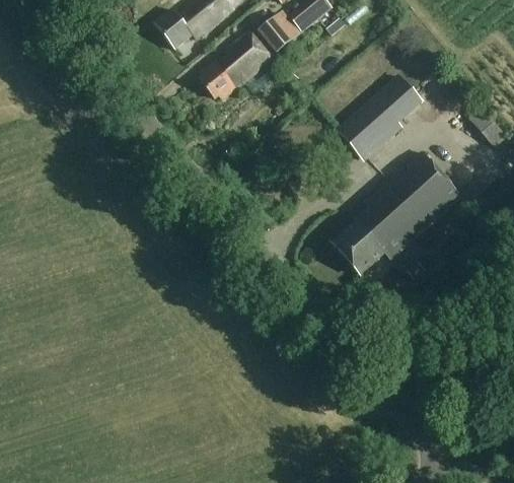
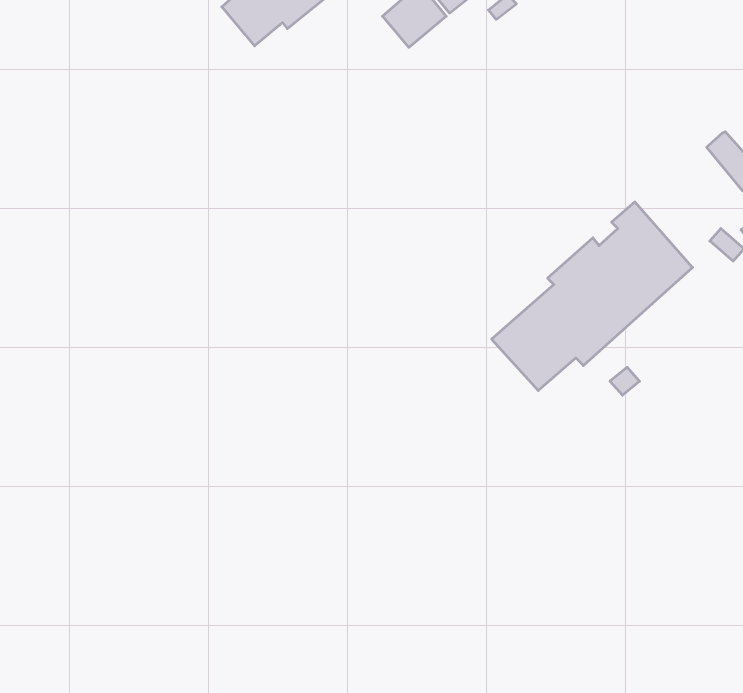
building: [200,30,274,100] -> none
building: [339,75,423,159] -> none

